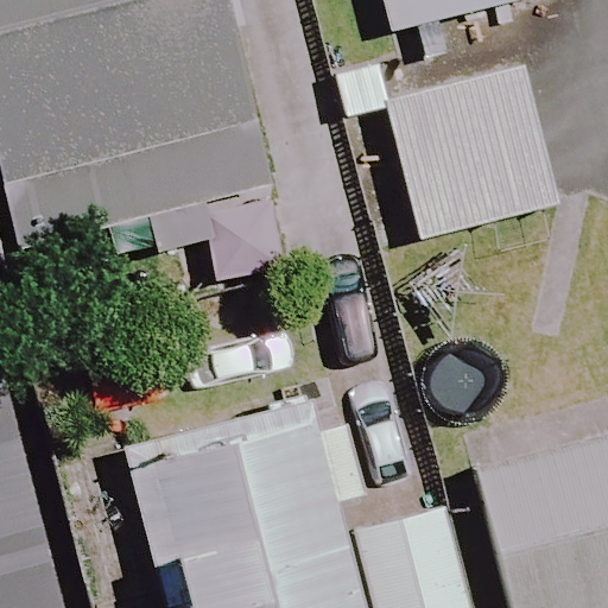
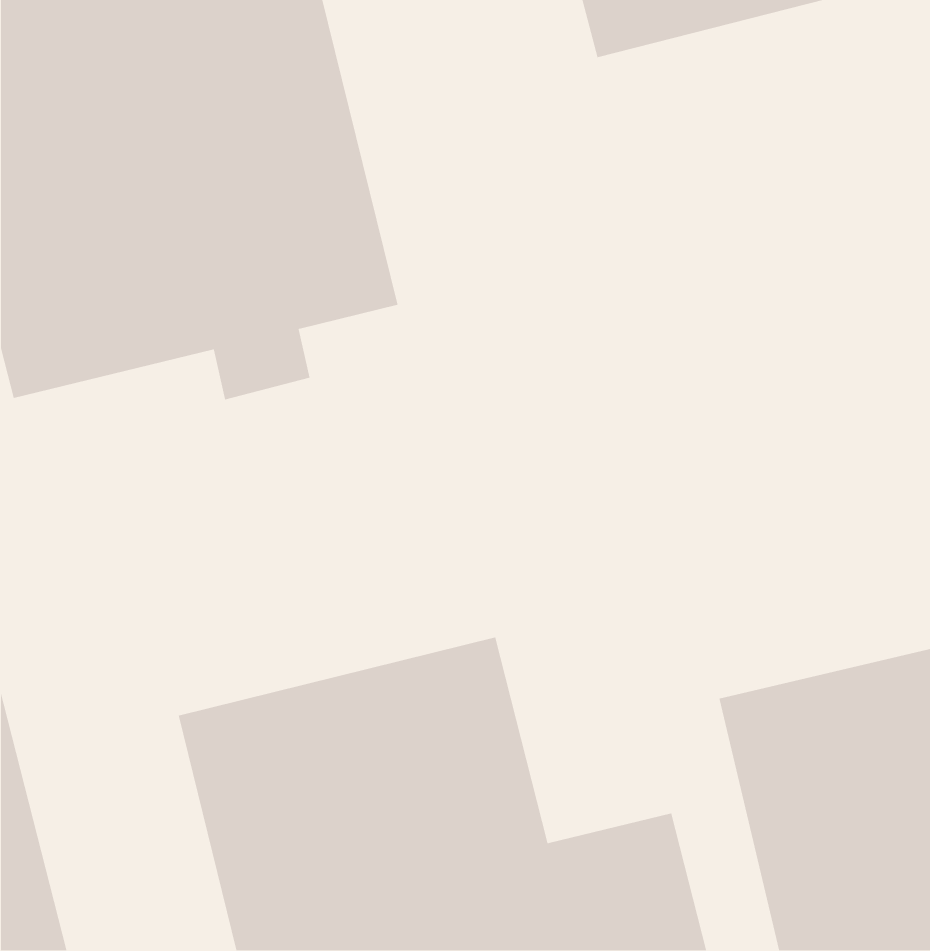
building: [386,70,563,247] -> none

